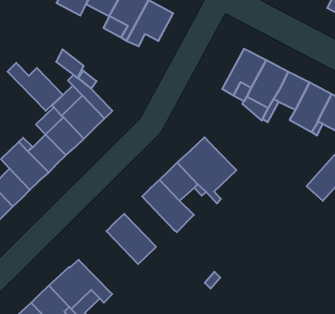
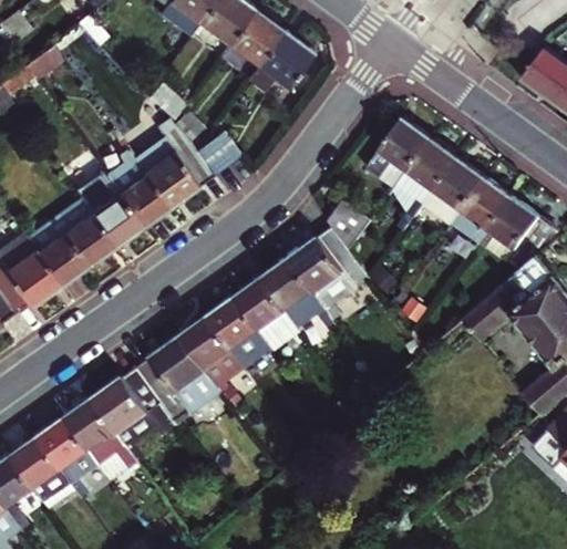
building: [7,63,63,111] -> none
building: none -> [196,131,241,175]
building: none -> [326,199,368,248]
building: none -> [208,297,272,367]
building: none -> [137,336,219,423]

